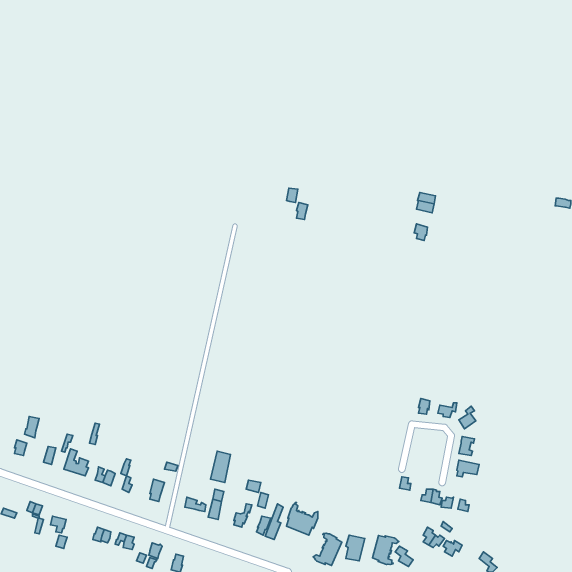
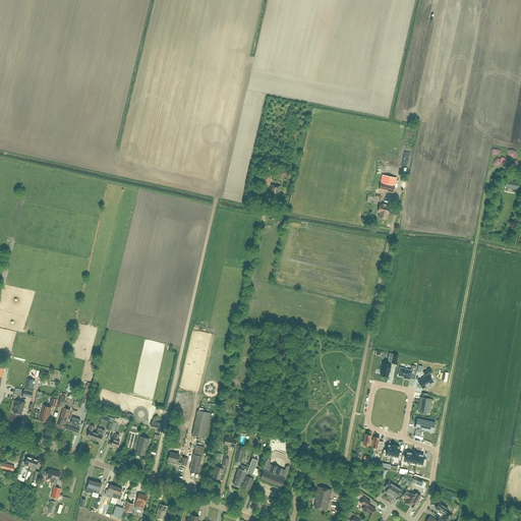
building: [313,533,342,565] -> none
building: [372,536,399,564] -> none

